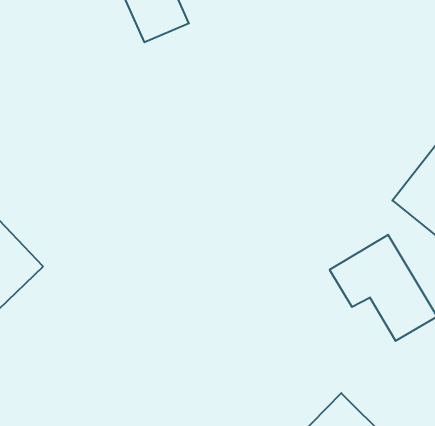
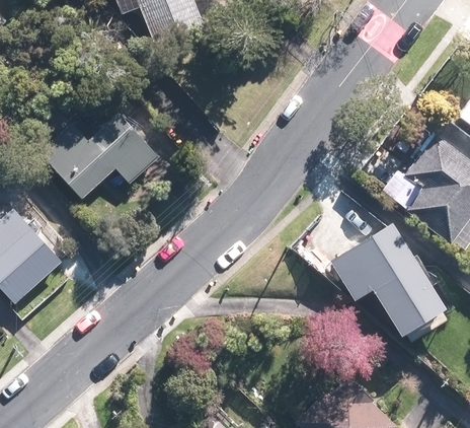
building: none -> [46,113,161,196]

